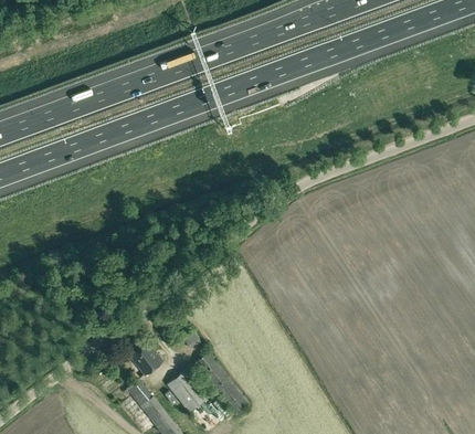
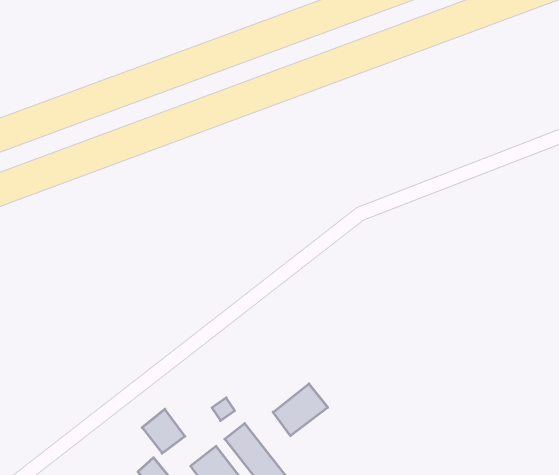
building: none -> [273,384,328,436]

